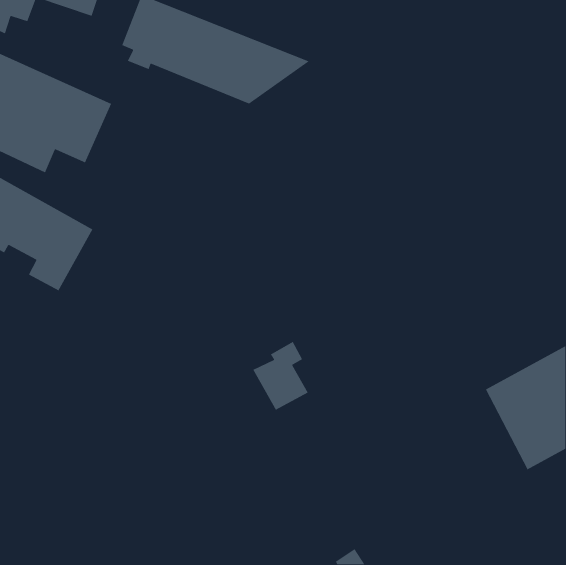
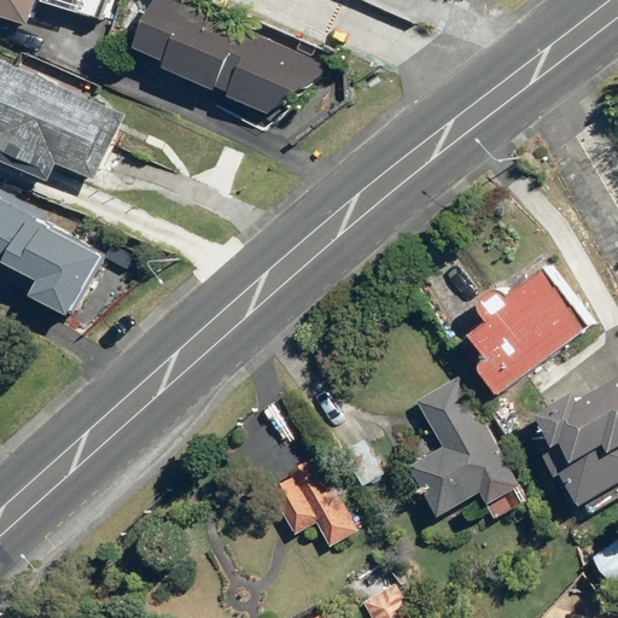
building: none -> [468,272,583,393]
building: [252,341,309,411] -> [270,455,332,531]
building: none -> [409,375,515,518]

